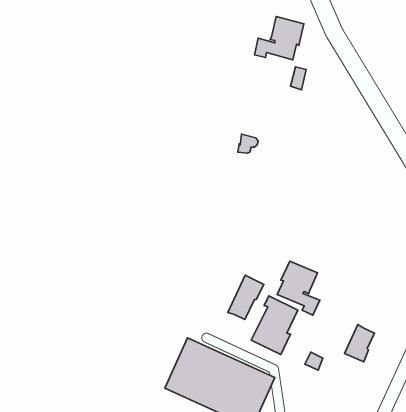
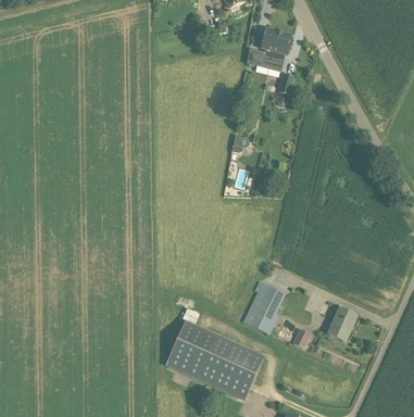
building: [277,261,320,315] -> none
building: [228,275,264,320] -> none

